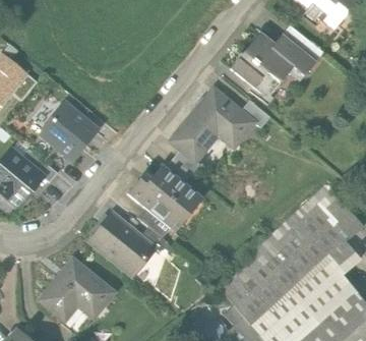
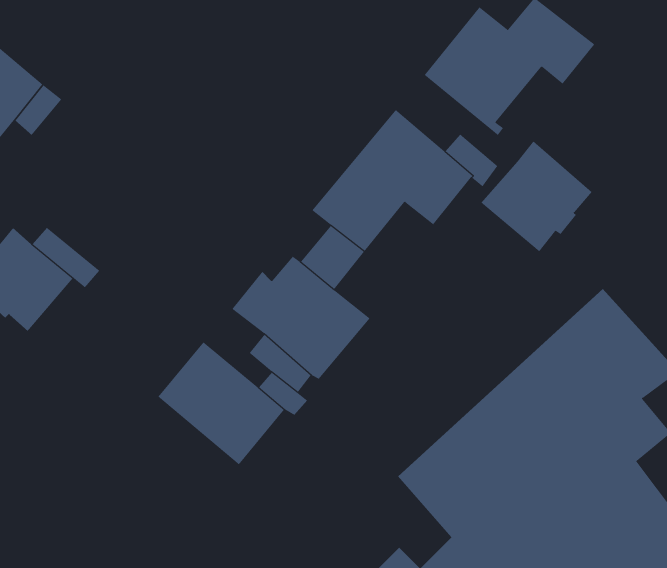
building: none -> [480,141,593,252]
building: [40,104,96,160] -> none
building: [40,259,117,324] -> none

